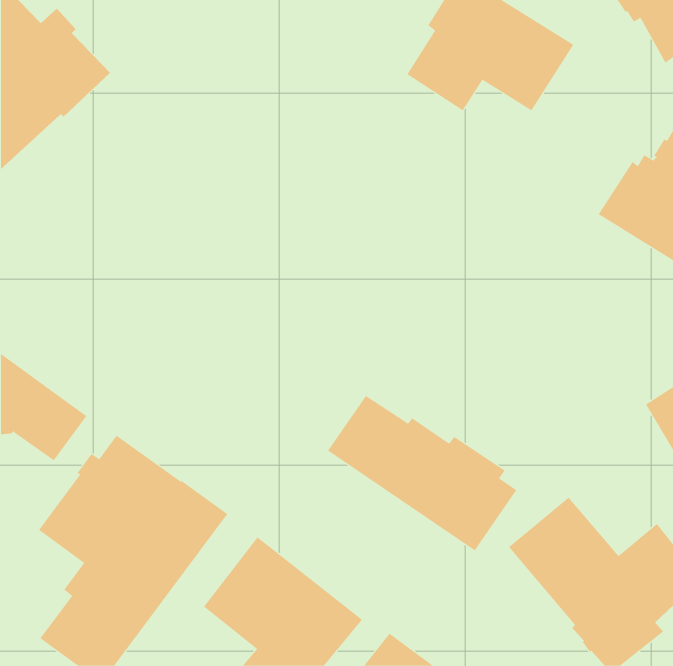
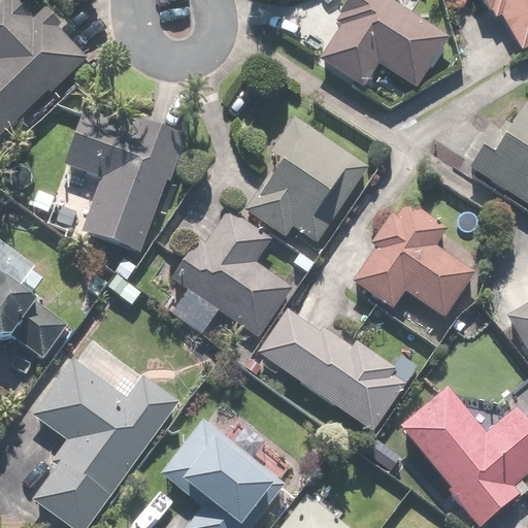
building: none -> [64,109,186,253]
building: none -> [243,116,368,241]
building: none -> [352,200,475,317]
building: none -> [171,208,293,336]

